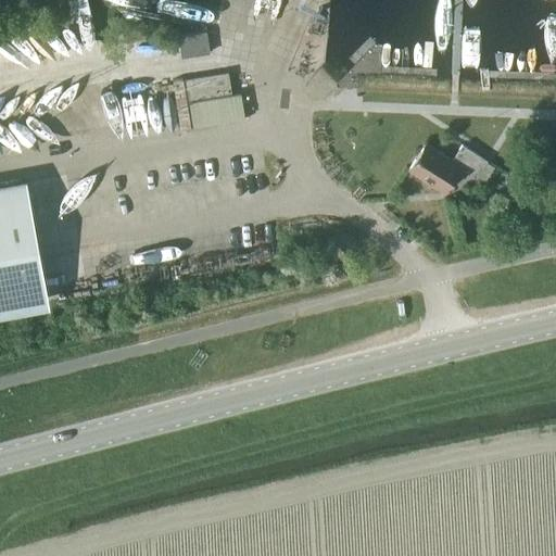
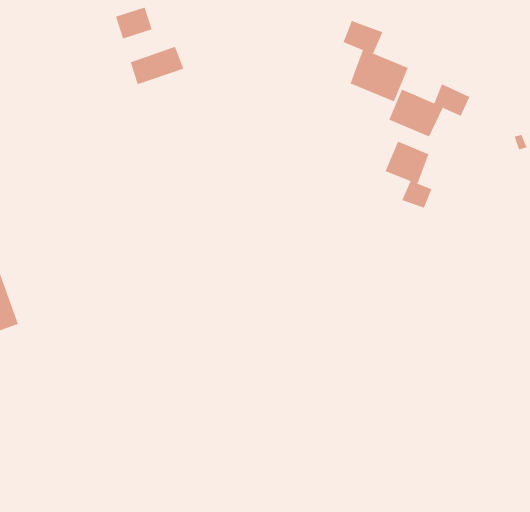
building: none -> [343,20,409,102]
building: none -> [385,141,432,209]

